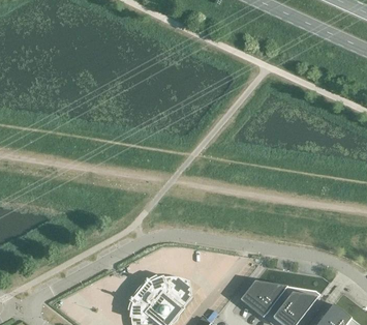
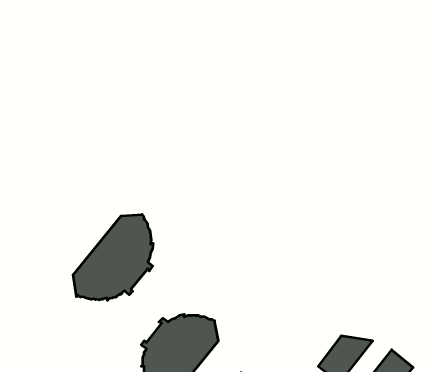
building: none -> [73,214,153,300]
building: [240,282,286,318] -> none

